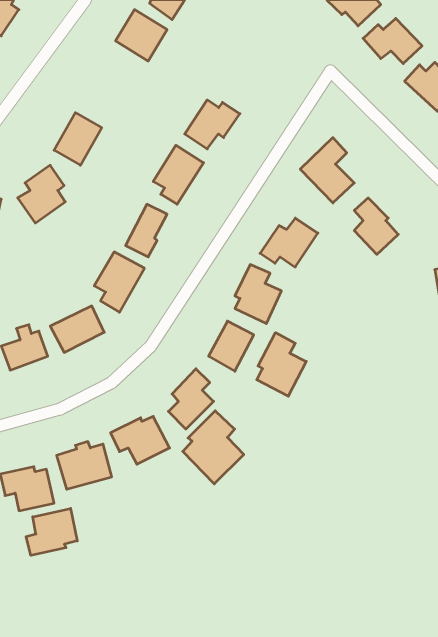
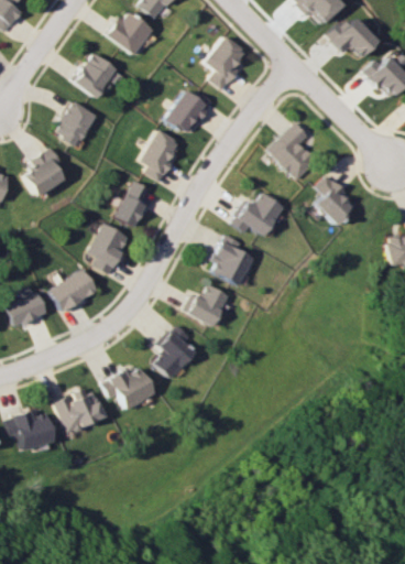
building: none -> [207,35,248,90]
building: none -> [74,53,117,98]
building: [257,333,306,396] -> none
building: [183,411,244,484] -> none
building: [26,508,77,555] -> none

